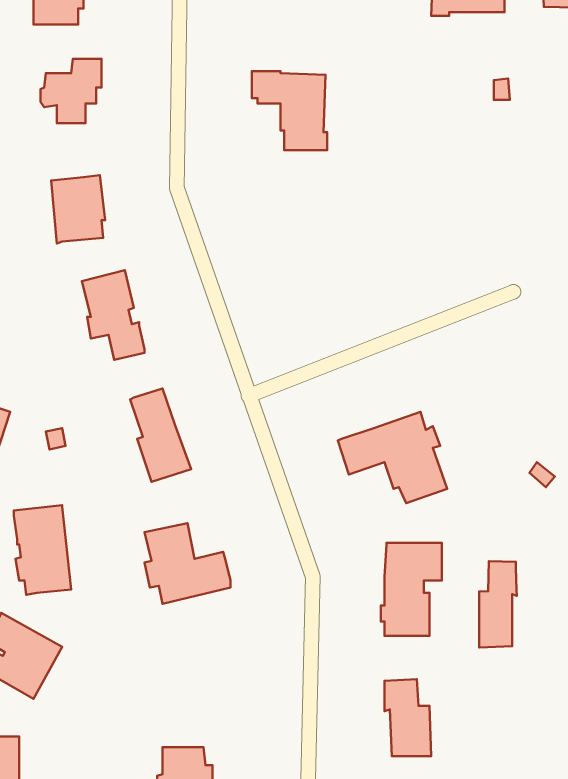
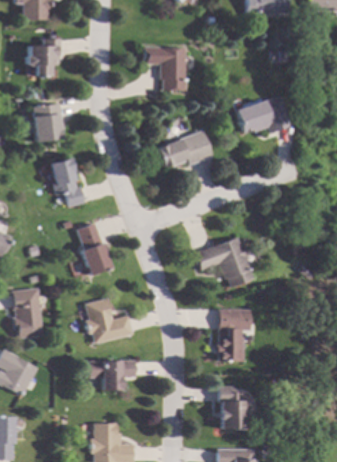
building: none -> [235,95,290,133]
building: none -> [156,130,212,167]
building: [479,561,517,648] -> none
building: none -> [102,360,136,389]

